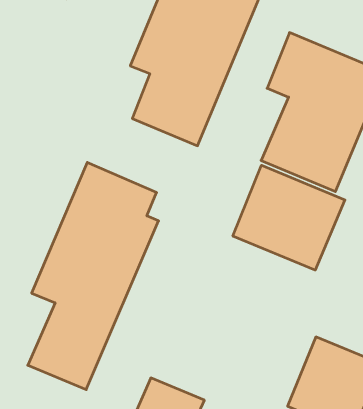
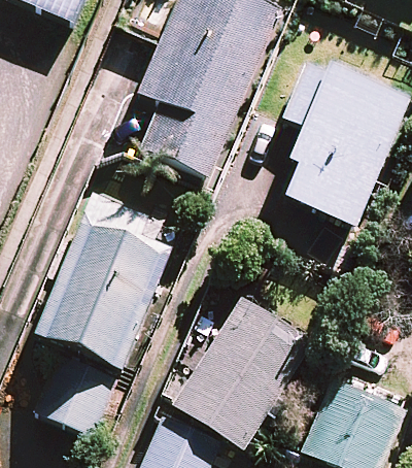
building: [233,165,345,270] -> none
building: none -> [174,298,310,447]

